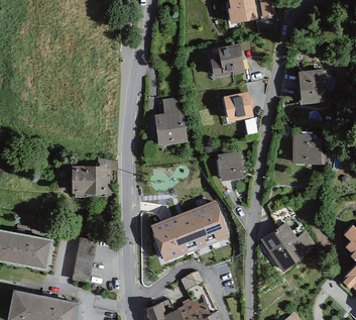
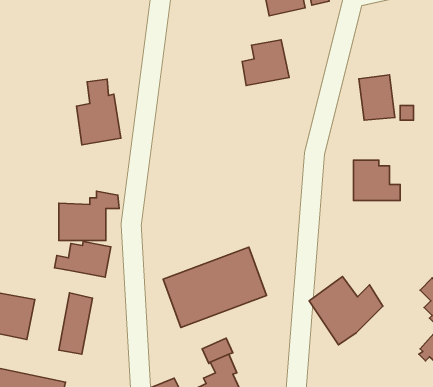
building: [223,93,253,122] -> none
building: [154,98,188,147] -> [77,79,121,145]
building: [217,152,243,183] -> none
building: none -> [55,242,111,277]

